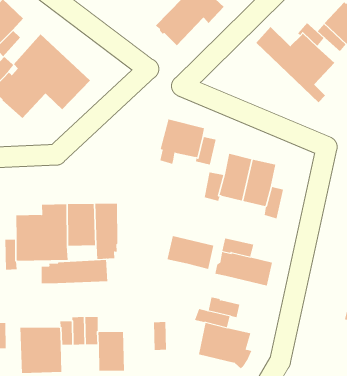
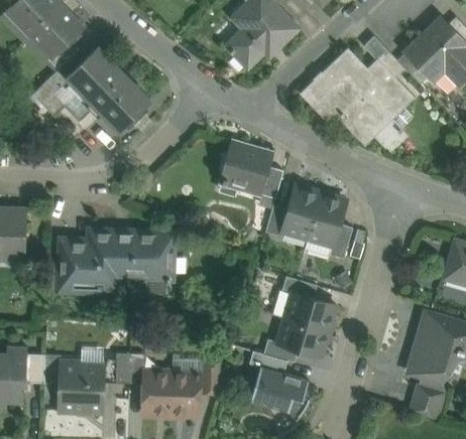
building: none -> [302,68,394,146]
building: [167,236,214,269] -> [277,317,329,355]
building: [41,259,108,284] -> none
building: none -> [170,371,200,414]

